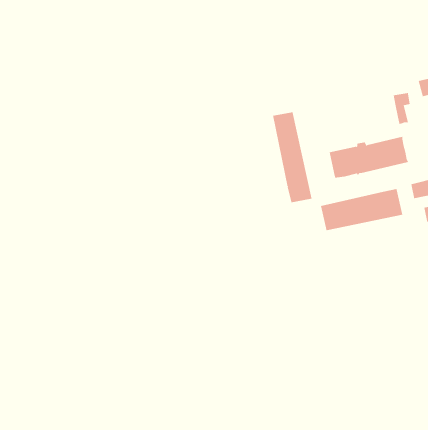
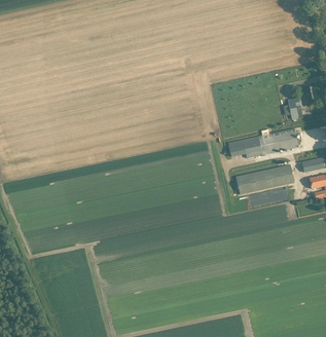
building: [273,111,312,203] -> none

